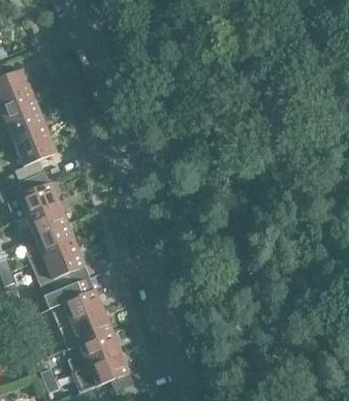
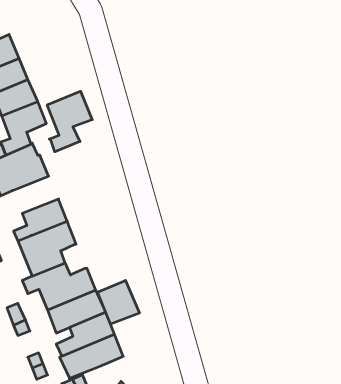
building: none -> [47,91,92,152]
building: [26,202,69,237] -> none
building: none -> [97,280,139,324]

